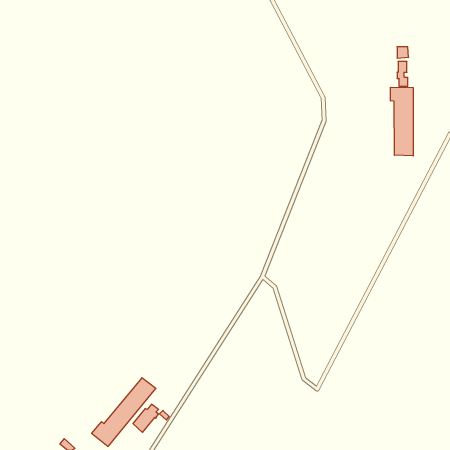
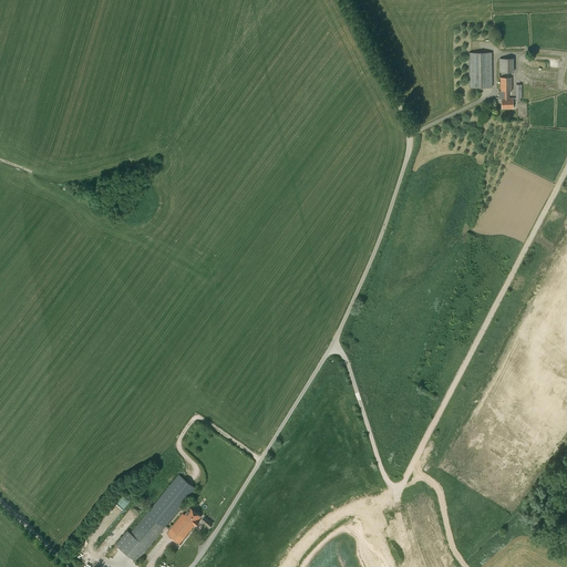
building: none -> [468,52,492,87]
building: [390,87,413,156] -> none

